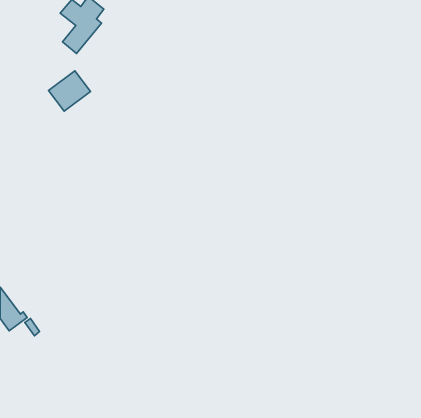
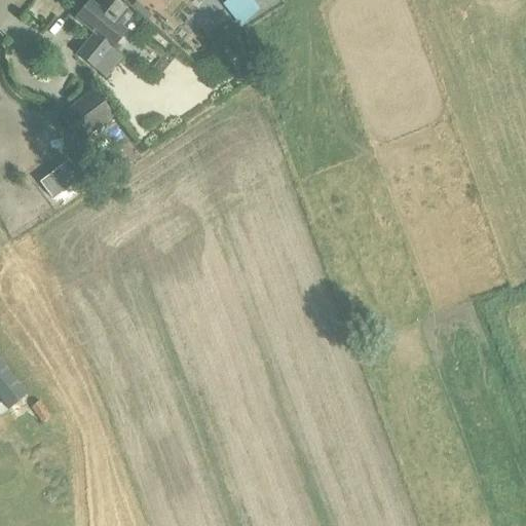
building: none -> [39,157,80,195]

